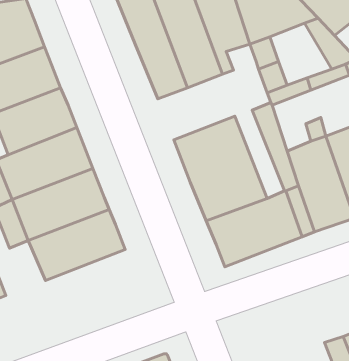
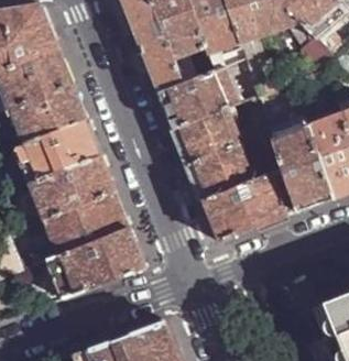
building: none -> [159,67,240,129]
building: none -> [47,226,146,298]

